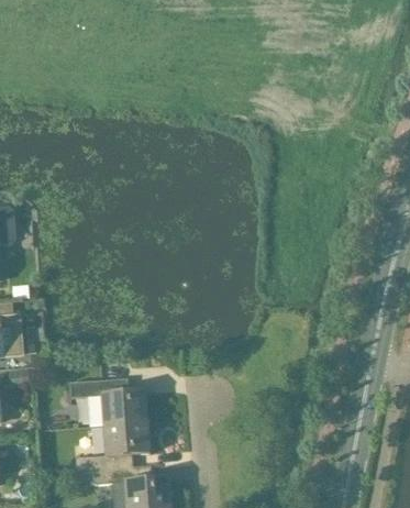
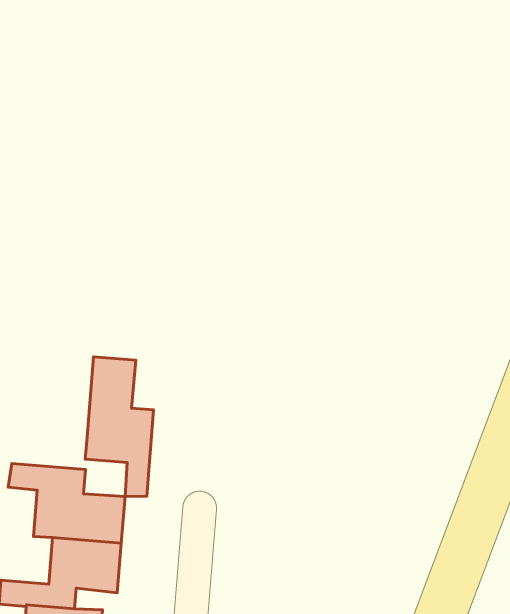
building: none -> [85,357,153,497]

